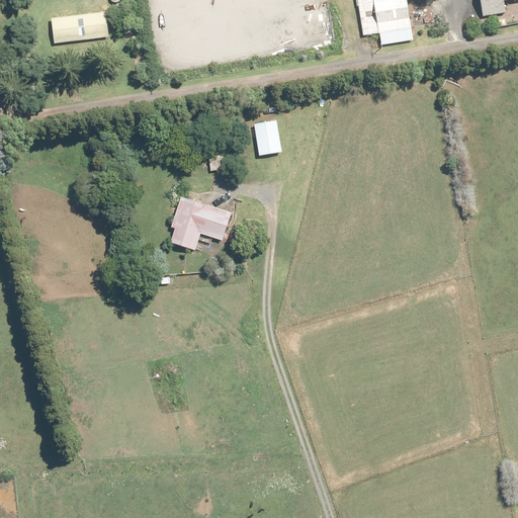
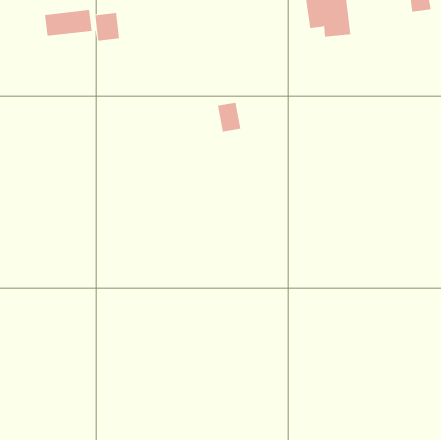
building: none -> [95,12,119,42]
building: [170,195,232,249] -> none

